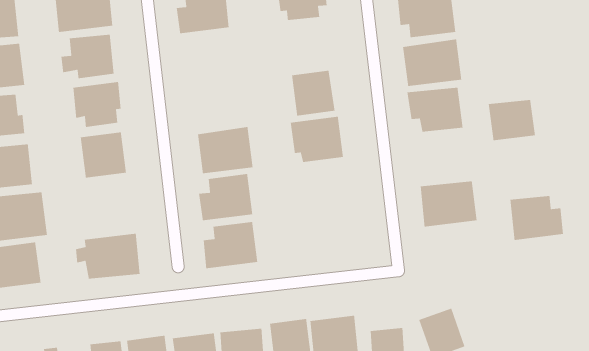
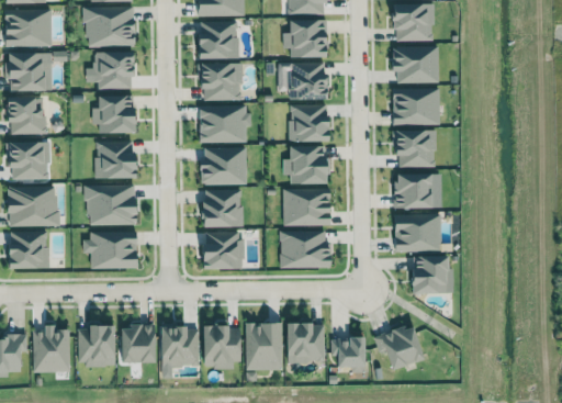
building: none -> [281,63,324,100]
building: none -> [195,63,244,101]
building: none -> [198,105,250,144]
building: [488,99,536,141] -> [393,175,432,209]
building: none -> [284,189,328,226]
building: none -> [87,184,136,226]
building: [510,195,564,241] -> [409,257,454,294]
building: none -> [281,231,329,269]

